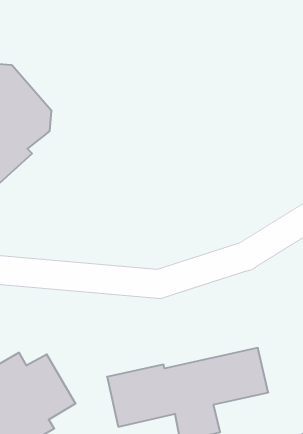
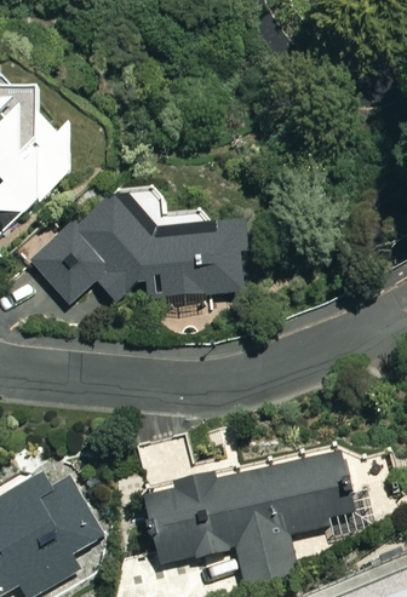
building: none -> [28,183,253,300]

